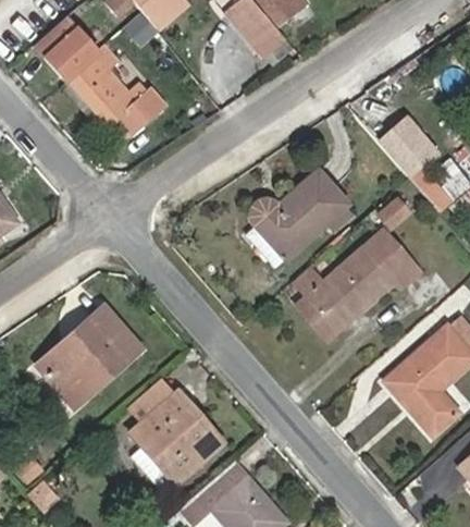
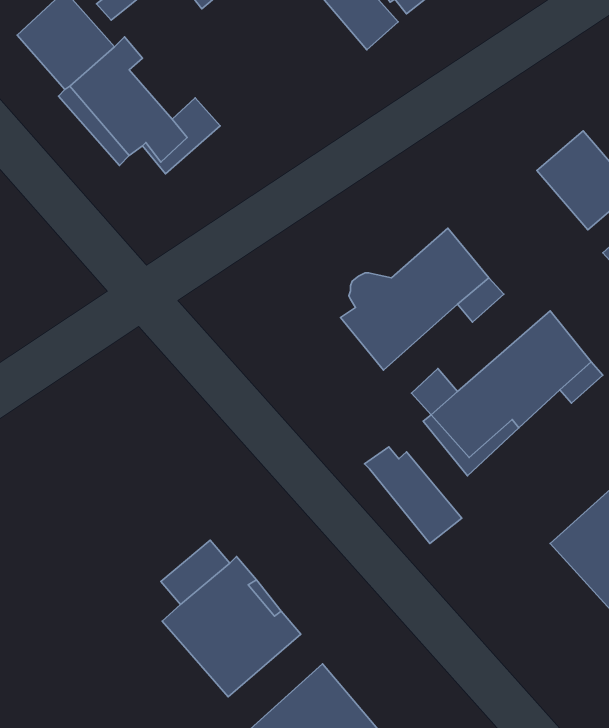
building: [39,306,139,405] -> none
building: none -> [364,447,462,544]

